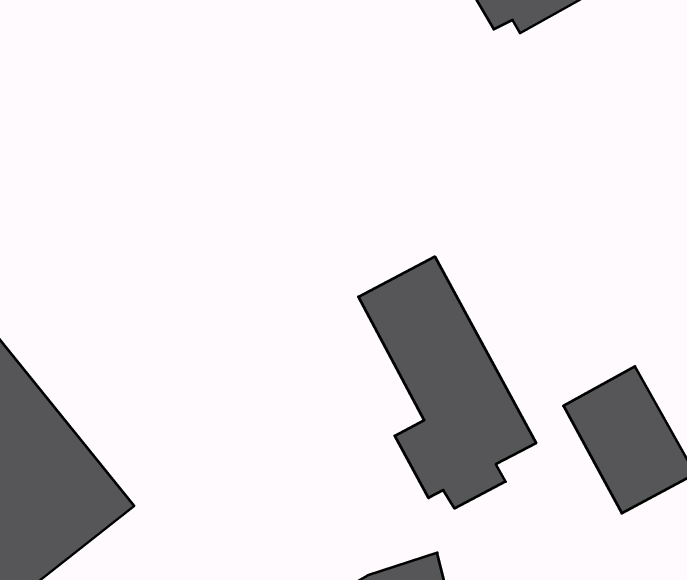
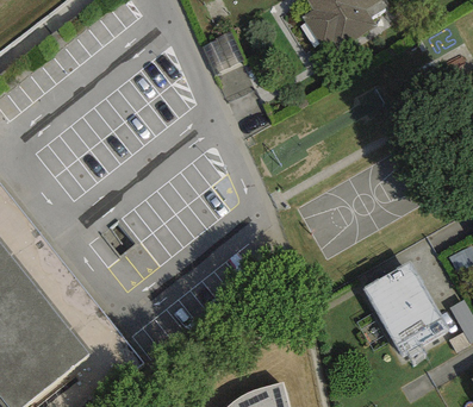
building: [358,257,536,508] -> none

